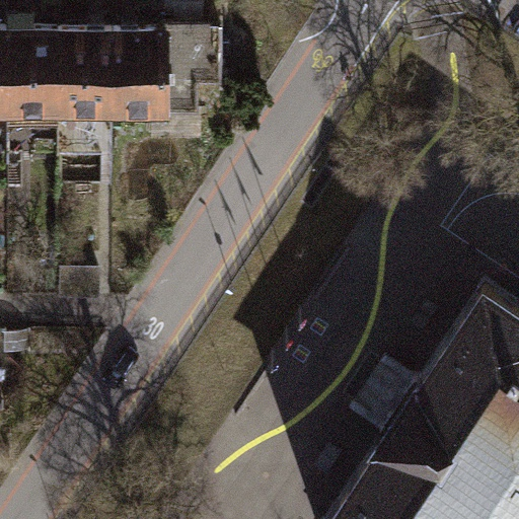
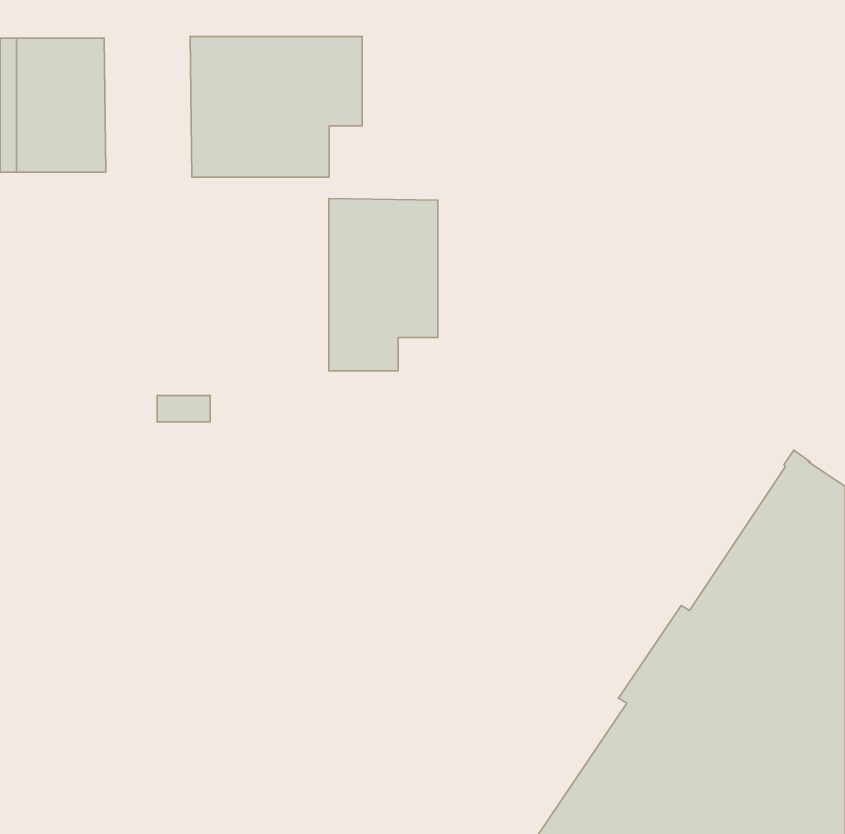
building: [64,29,118,158] -> none
building: none -> [329,198,438,371]

